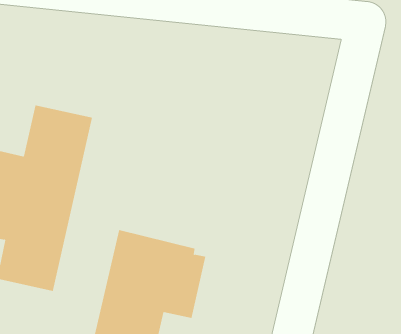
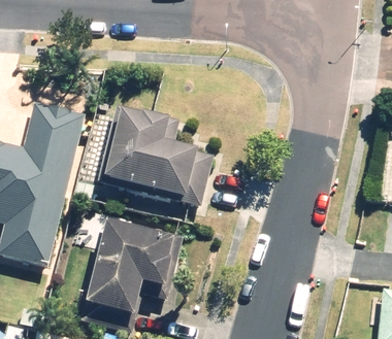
building: none -> [100,104,201,200]

